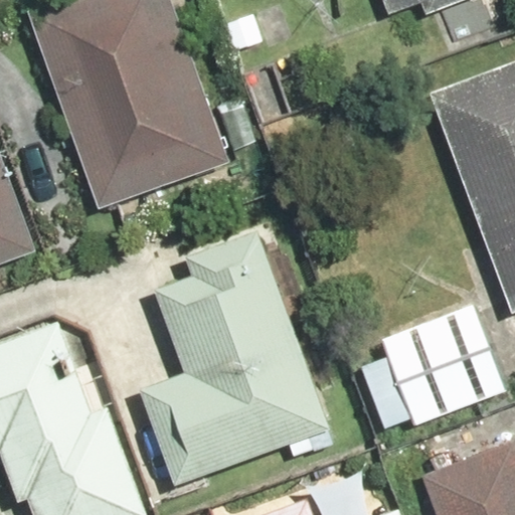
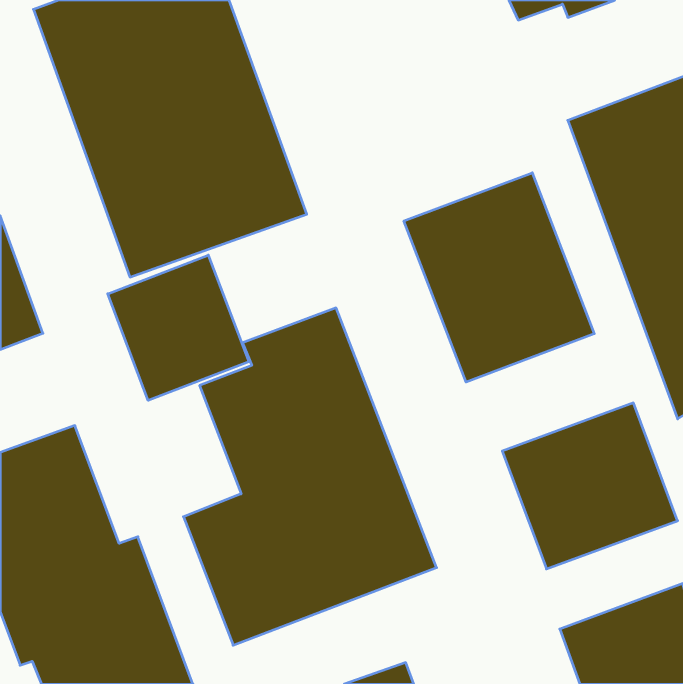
building: none -> [404,173,594,382]
building: none -> [108,255,249,400]

